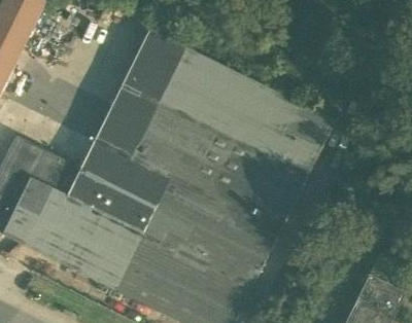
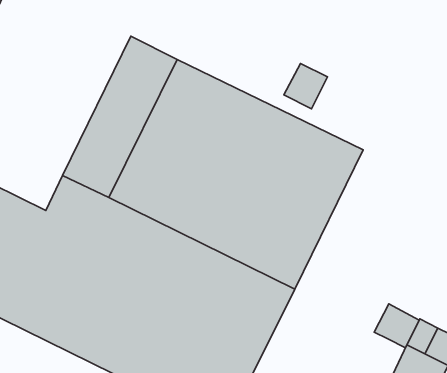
building: none -> [284,63,327,109]
building: none -> [374,304,419,348]

